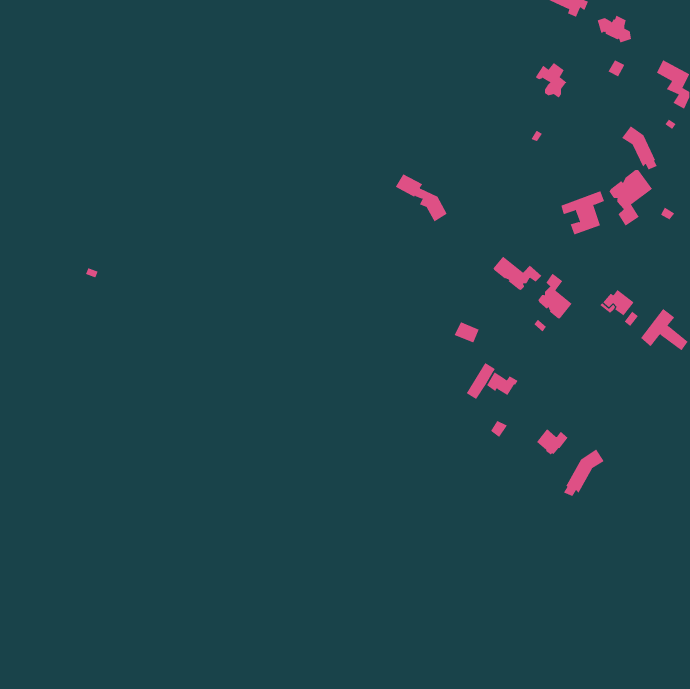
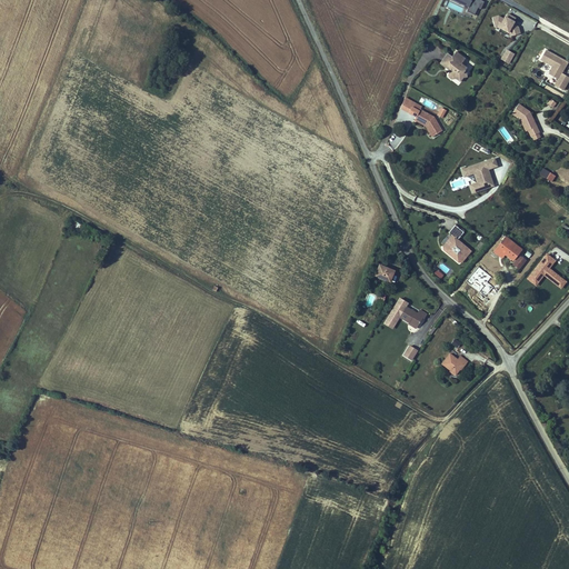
building: [609,169,653,226] -> none
building: [395,173,448,222] -> [399,97,442,137]
building: [493,256,542,291] -> none
building: [563,448,604,497] -> none

